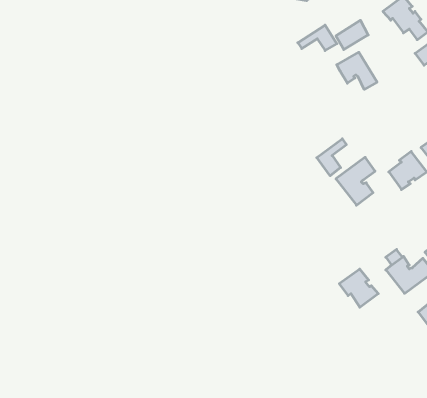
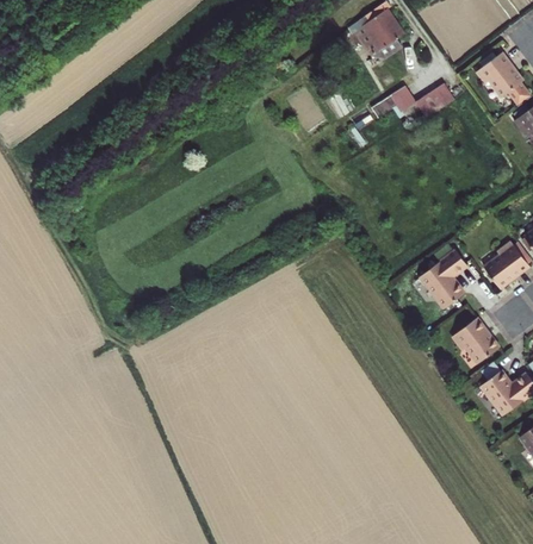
building: [337,52,377,89] -> none
building: [317,139,346,176] -> none
building: [339,269,378,307] -> [451,315,498,362]

